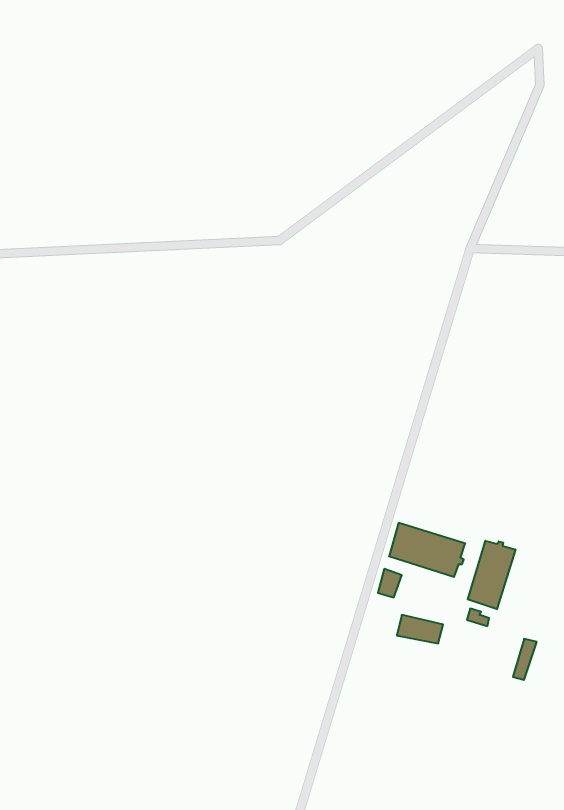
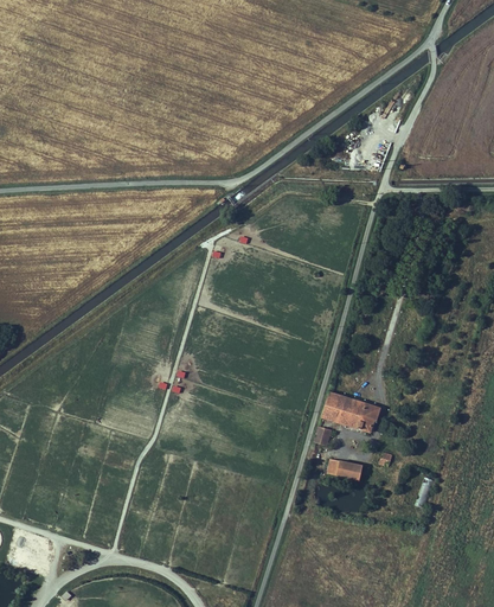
building: [468,541,515,609] -> none

